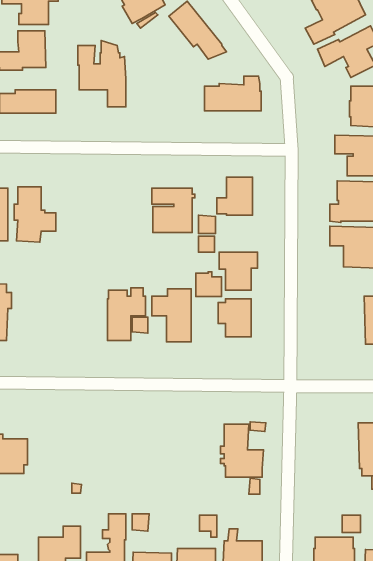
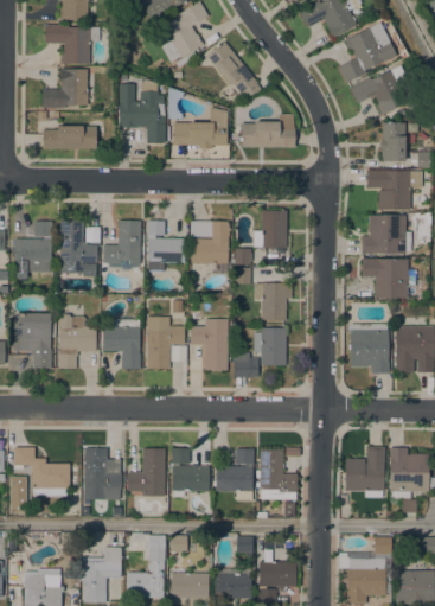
building: none -> [173,106,226,148]
building: none -> [103,219,141,263]
building: none -> [147,219,185,272]
building: [196,272,222,296] -> [234,352,258,376]
building: none -> [58,313,96,368]
building: none -> [102,318,140,368]
building: none -> [348,323,389,374]
building: none -> [345,446,384,497]
building: none -> [84,447,122,497]
building: none -> [127,447,165,495]
building: none -> [171,447,209,496]
building: none -> [216,448,254,499]

